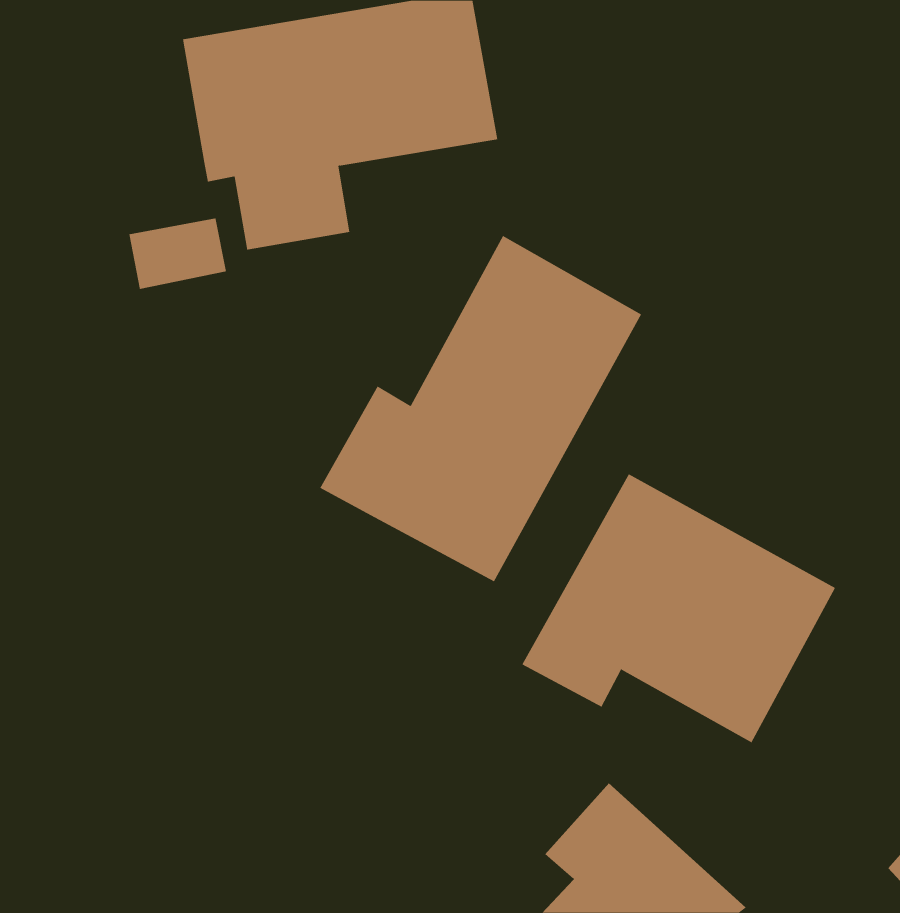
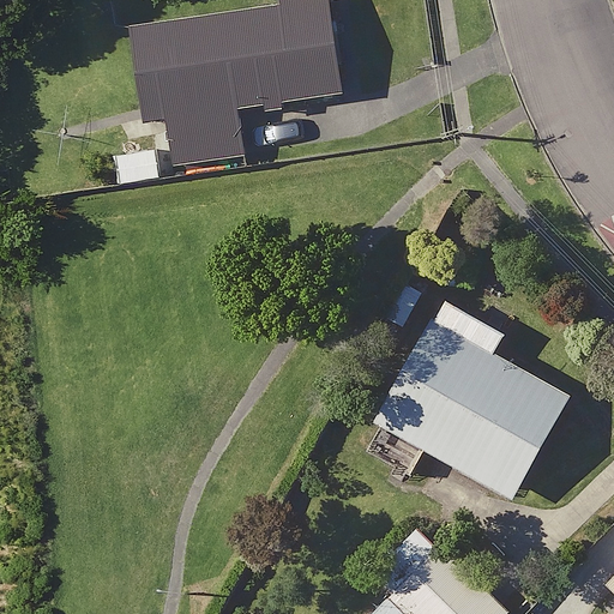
building: [320,235,642,582] -> none

